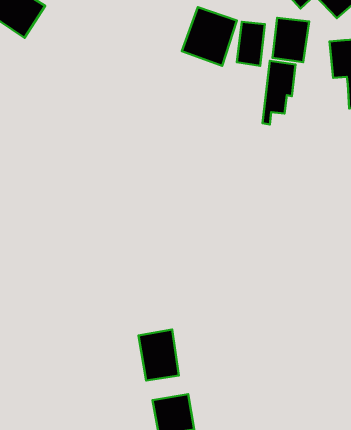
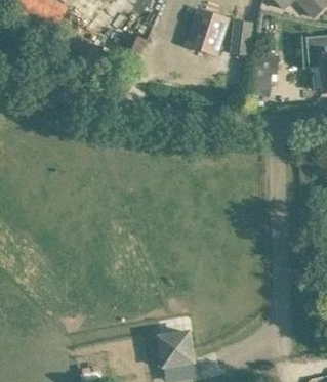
building: [272,18,309,62] -> none
building: [138,330,179,381] -> none

